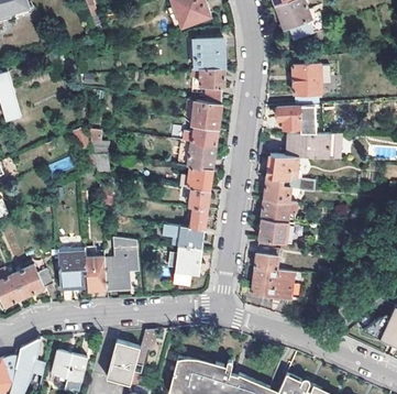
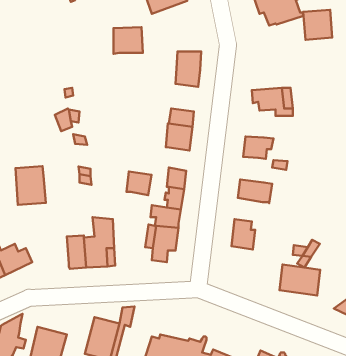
building: [196,42,225,69] -> [114,27,143,54]
building: [293,64,322,95] -> [303,10,332,40]
building: [192,101,222,130] -> none
building: [289,134,330,160] -> none
building: [188,166,213,190] -> [127,171,151,195]
building: [265,176,291,203] -> none
building: [260,218,294,244] -> none
building: [59,248,90,287] -> [16,166,46,205]
building: [253,267,295,299] -> [279,264,320,296]

